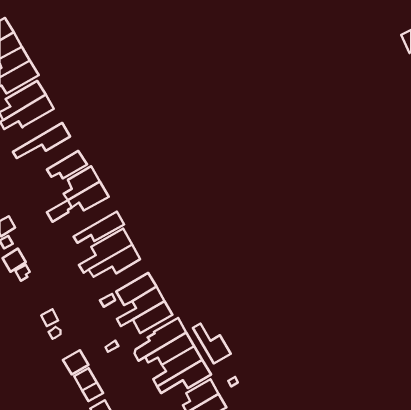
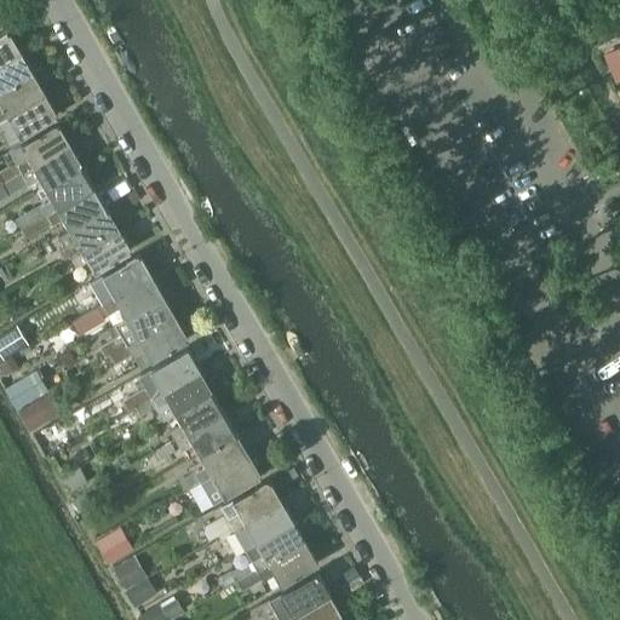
building: none -> [13,167,93,231]
building: none -> [42,208,117,270]
building: none -> [105,299,176,358]
building: none -> [170,392,223,441]
building: [193,323,231,364] -> none

